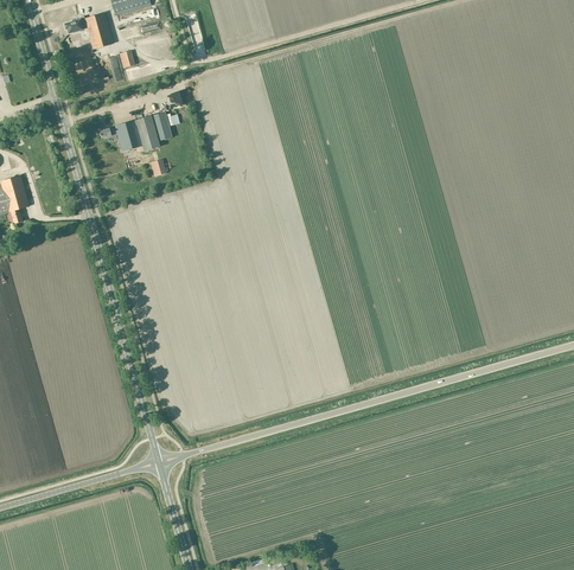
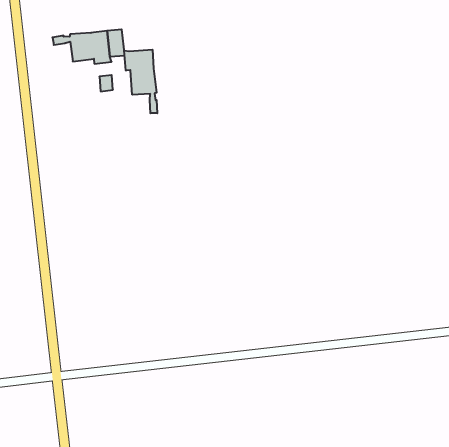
building: none -> [124,50,157,113]

